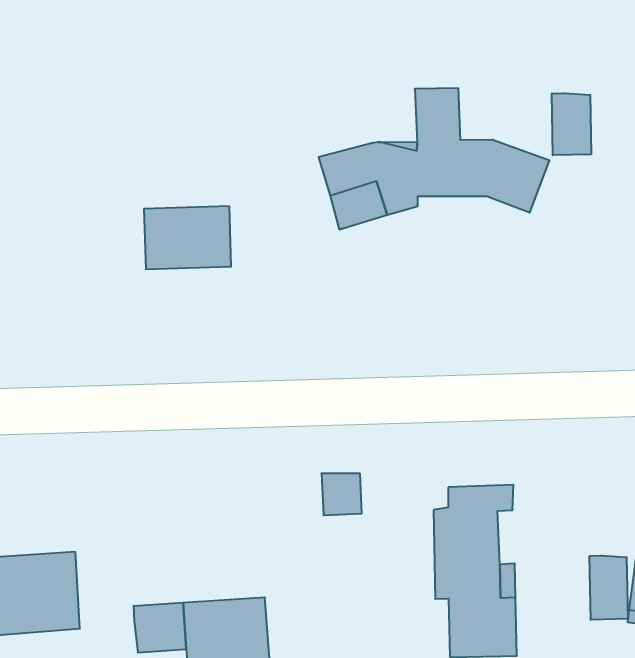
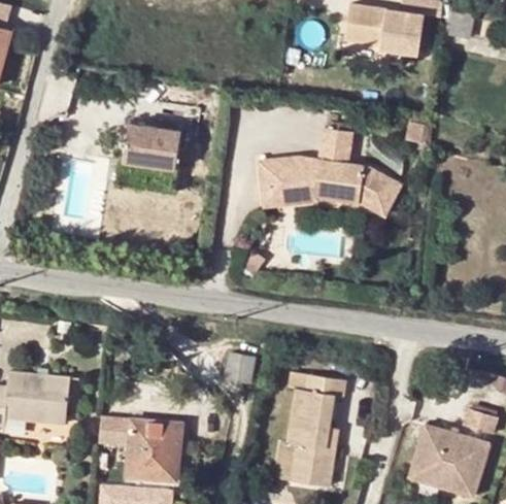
building: [552,93,591,155] -> none
building: [144,206,231,269] -> [126,125,183,169]
building: [590,555,628,620] -> none

